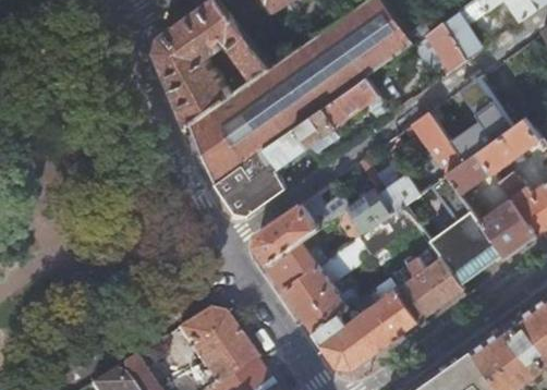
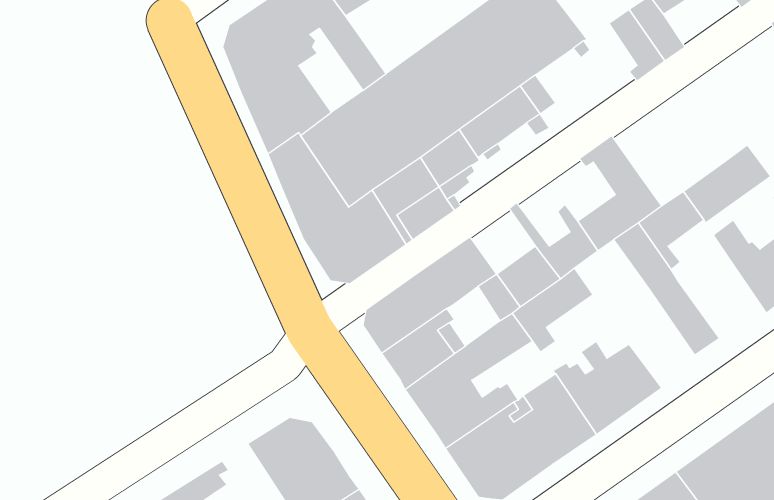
building: [451,77,512,160] -> none
building: [477,197,538,257] -> none
building: [429,219,488,283] -> none

